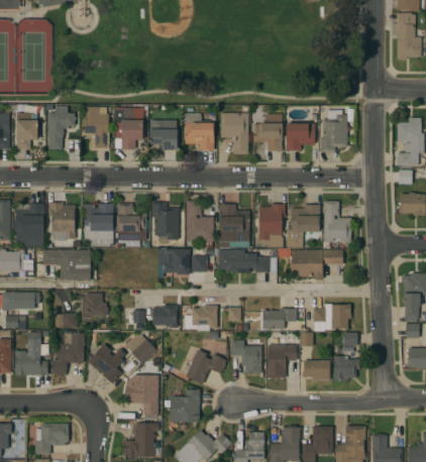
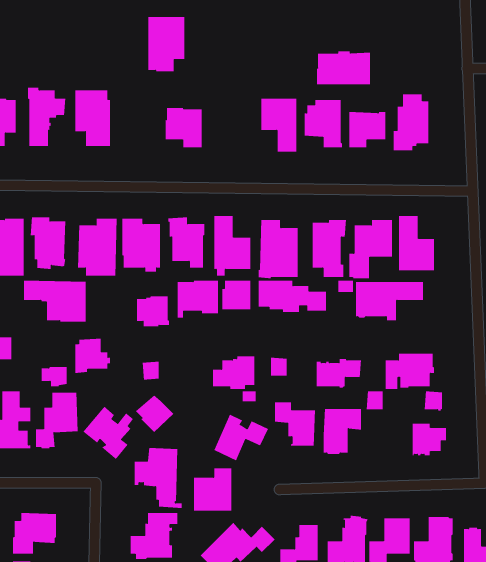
building: none -> [316,51,370,85]
building: [114,108,142,149] -> [147,16,185,72]
building: [183,114,214,150] -> none
building: [151,306,177,329] -> [136,296,170,327]
building: [302,360,330,379] -> none

